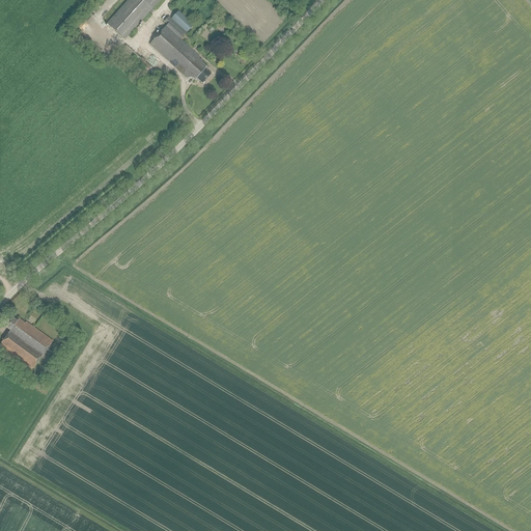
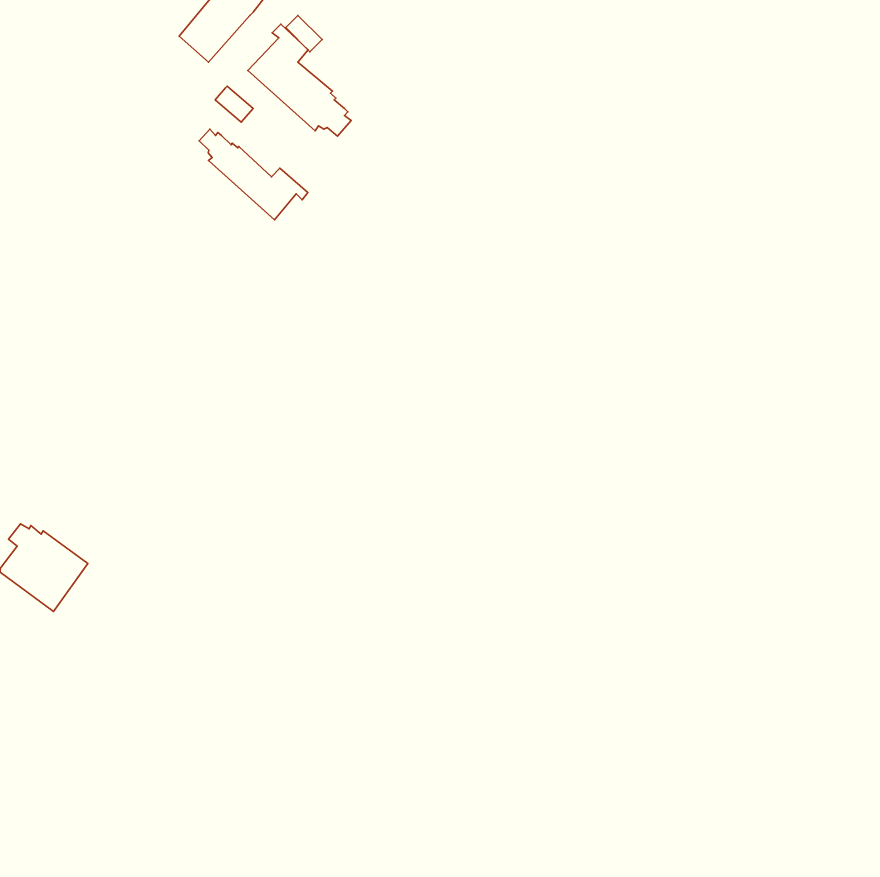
building: none -> [199,129,308,220]

